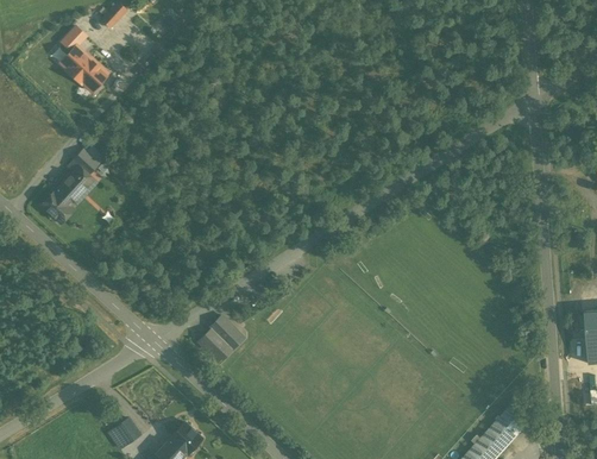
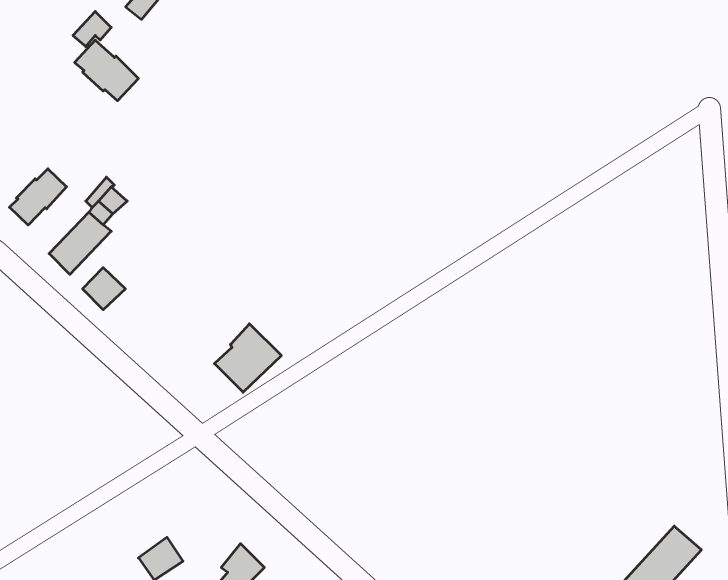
building: none -> [9,169,67,225]
building: none -> [83,268,125,310]
building: [196,313,246,364] -> [214,324,281,392]

